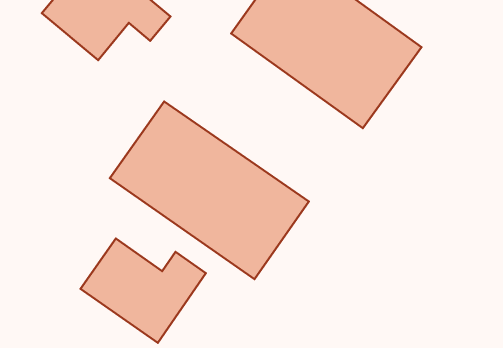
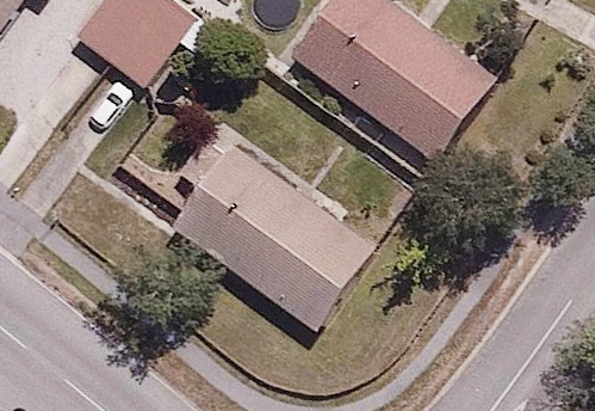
building: [81,239,206,343] -> none

